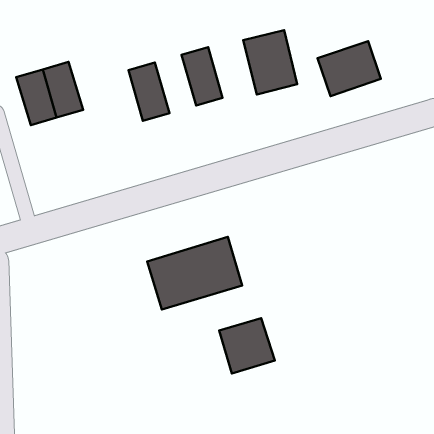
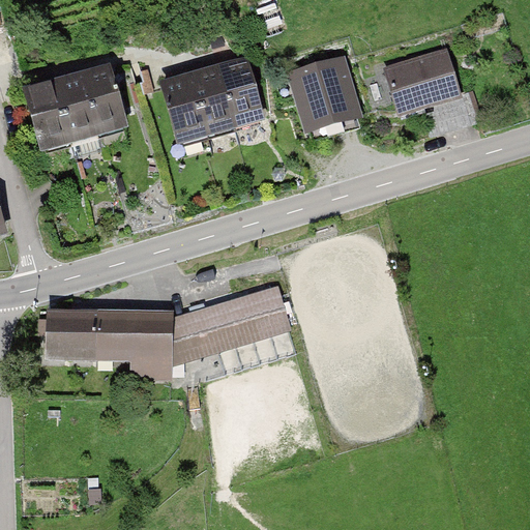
building: none -> [83,65,131,132]
building: none -> [187,66,237,137]
building: none -> [38,306,168,367]
building: [219,318,275,374] -> none

